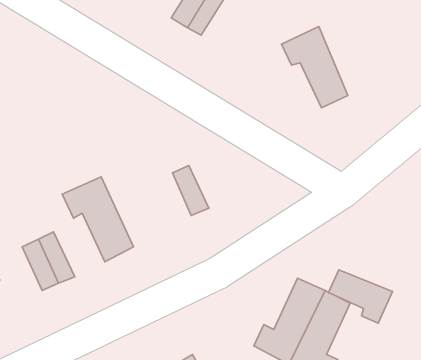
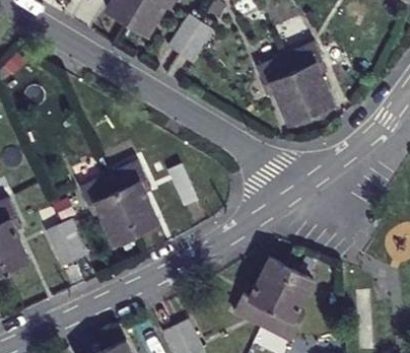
building: none -> [286,42,333,110]
building: none -> [110,162,156,232]
building: [329,270,392,323] -> none

